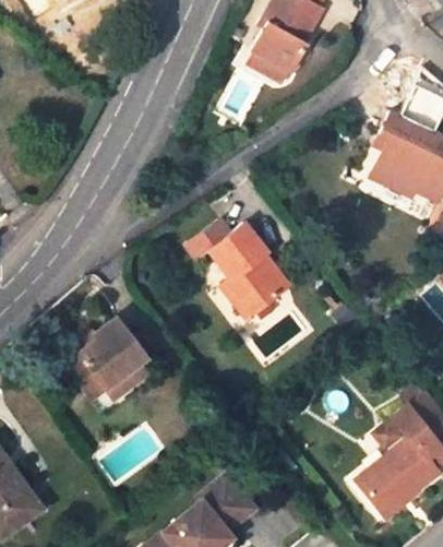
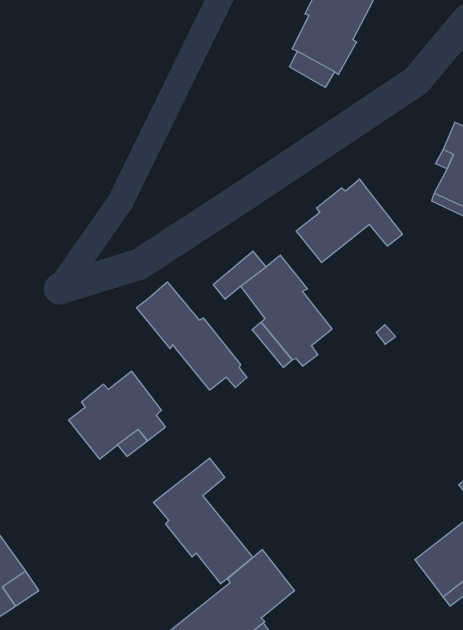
building: none -> [296,179,402,263]
building: none -> [137,282,247,390]
building: none -> [153,458,253,584]

